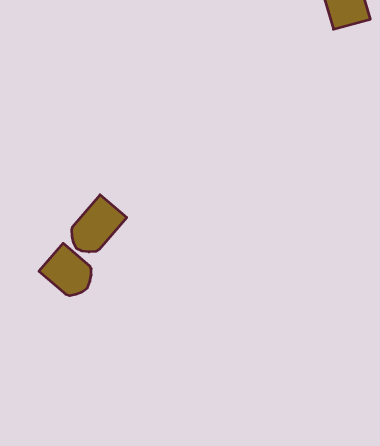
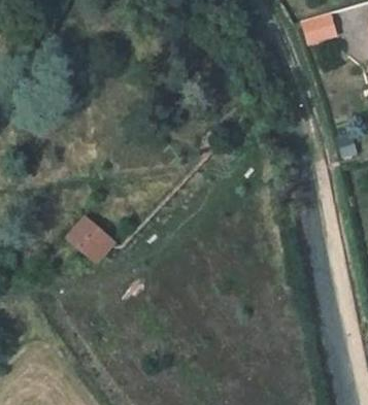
building: [72,195,127,252] -> none

